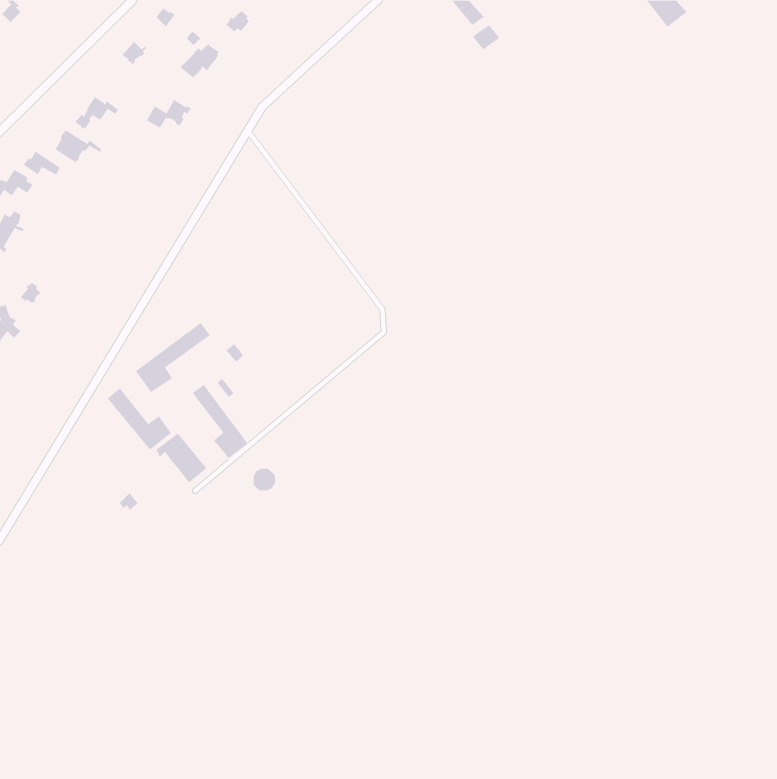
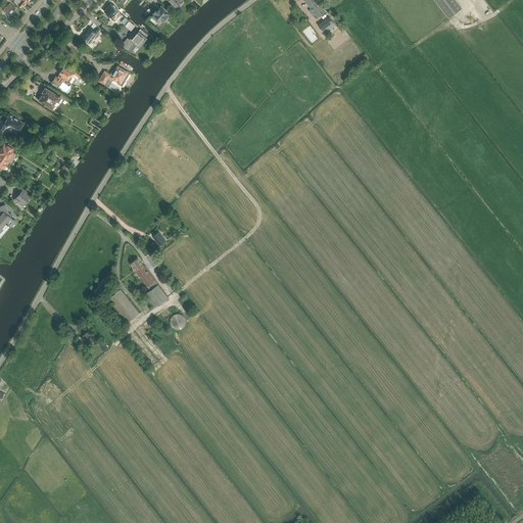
building: [135,322,210,393] -> none
building: [107,387,172,450] -> none

